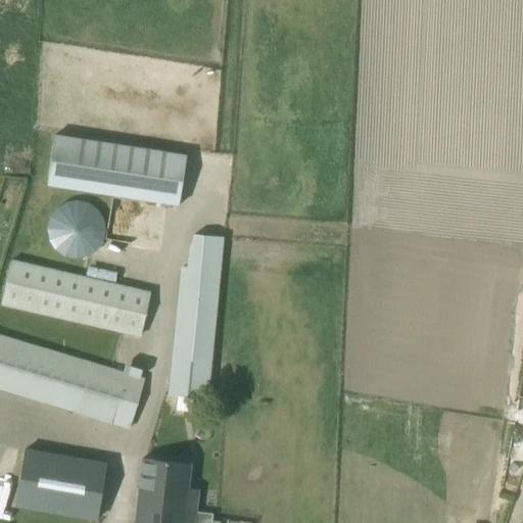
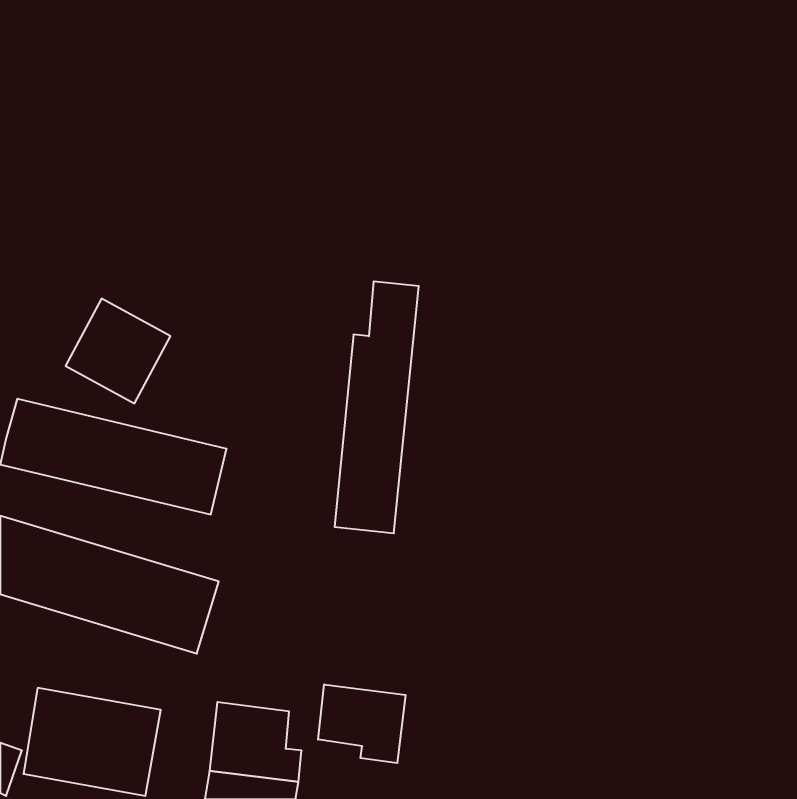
building: [47,135,186,205] -> none
building: [169,234,224,398] -> [335,281,419,533]
building: none -> [318,684,406,763]

